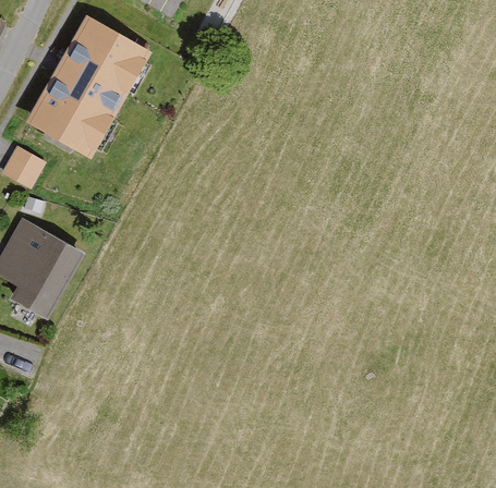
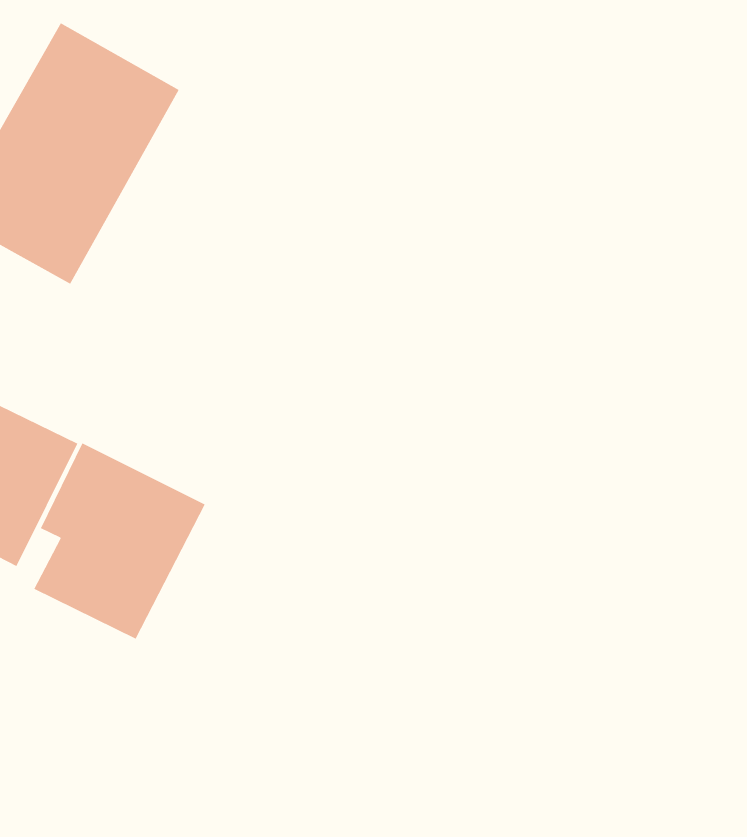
building: none -> [33,443,206,639]

